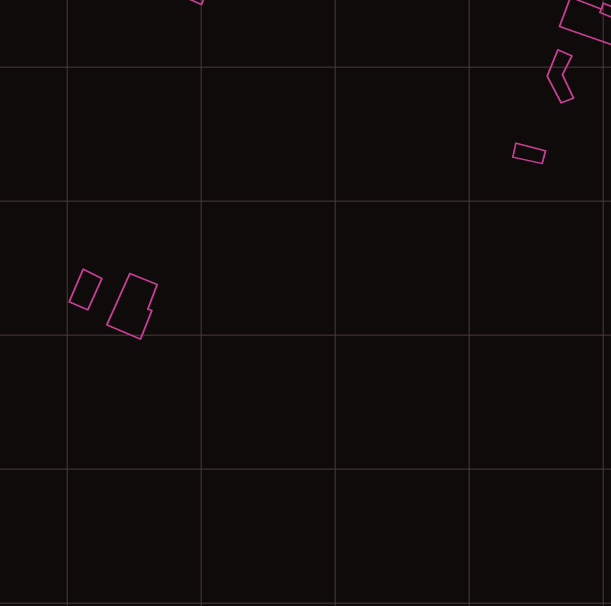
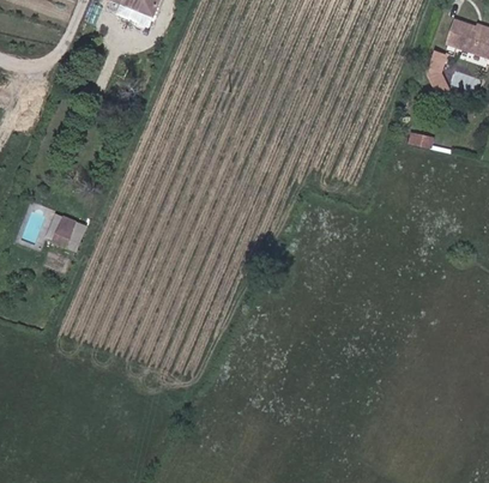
building: [107,273,157,339] -> none

